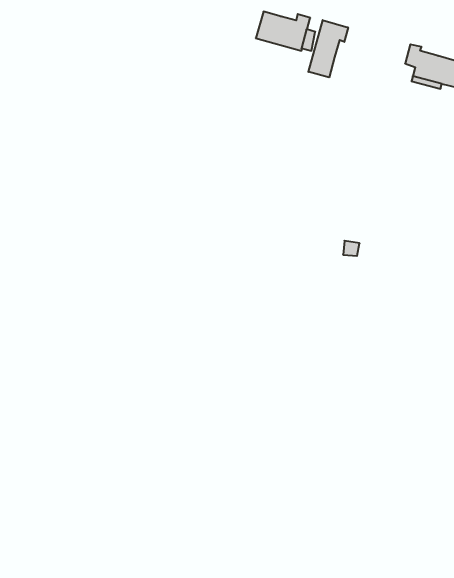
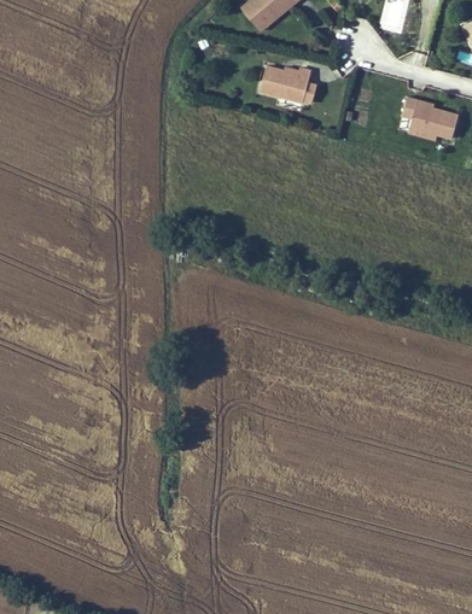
building: [308,20,348,77] -> none

